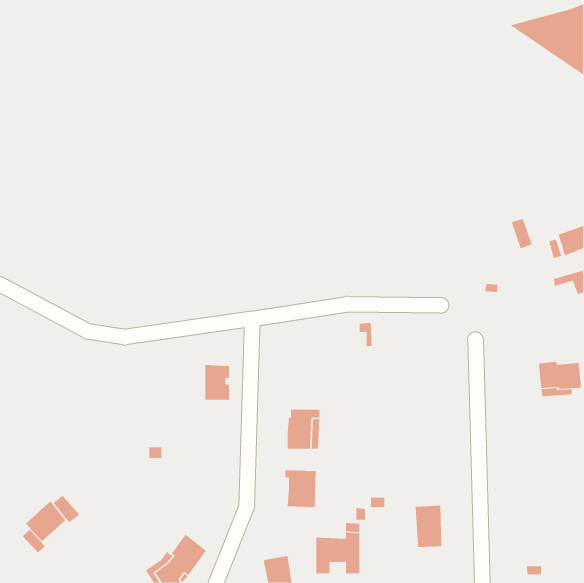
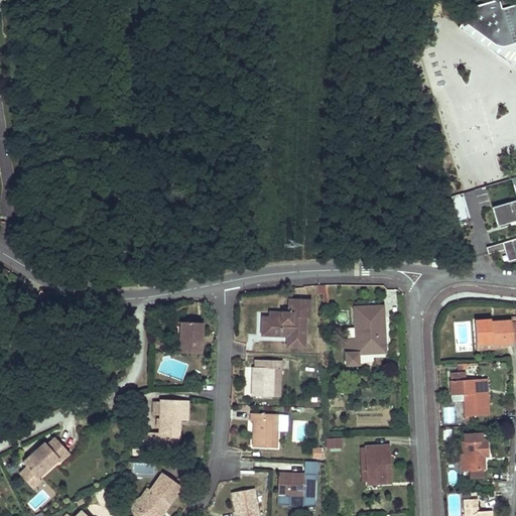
building: none -> [262,300,309,347]
building: none -> [345,306,385,365]
building: none -> [450,371,490,422]
building: none -> [146,399,189,445]
building: none -> [461,432,489,471]

